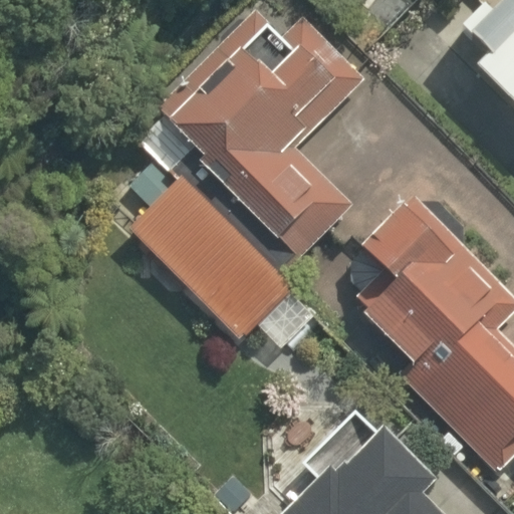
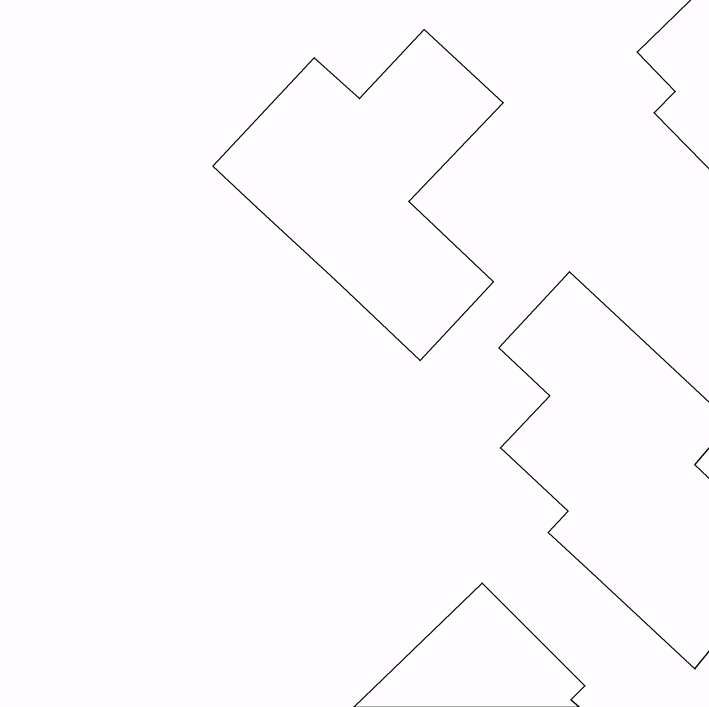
building: [124,174,293,343] -> none

